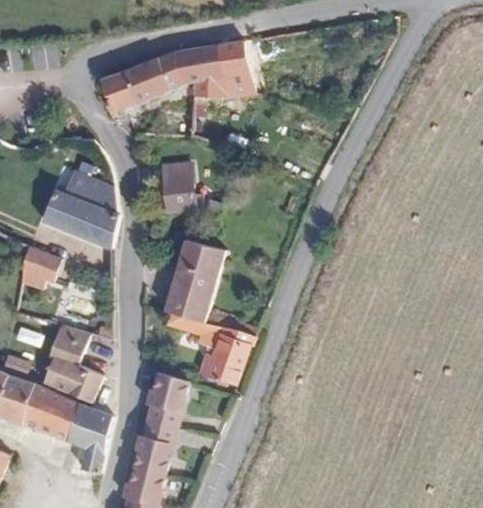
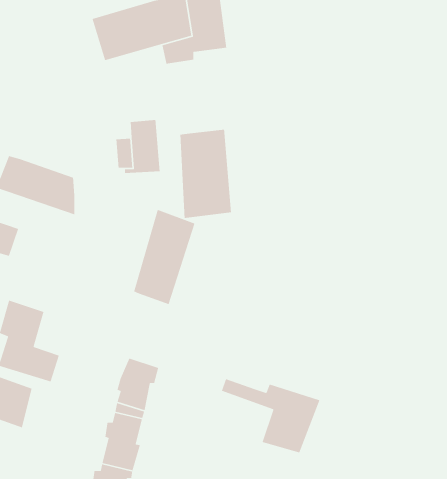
building: [106,65,140,116] -> none
building: none -> [180,129,232,219]
building: [63,170,112,210] -> none
building: [167,317,258,386] -> [221,378,321,453]
building: [65,403,108,474] -> none

